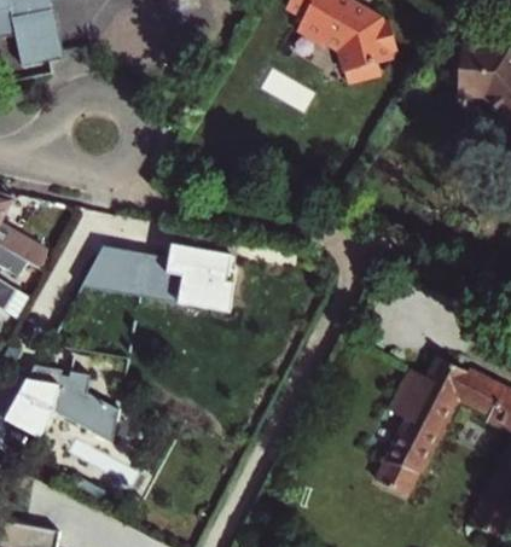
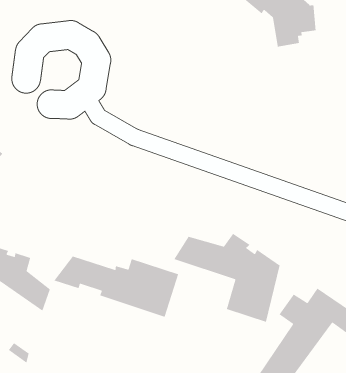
building: [80,249,231,315] -> [53,255,179,318]
building: none -> [173,233,280,323]

